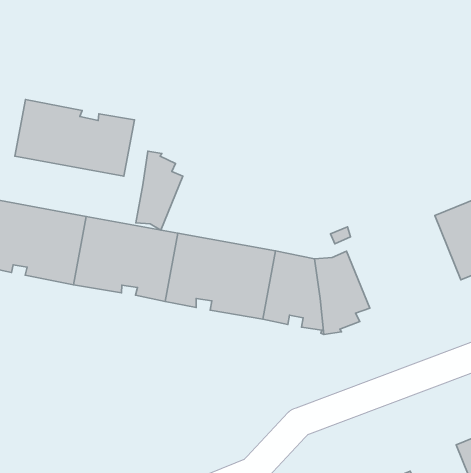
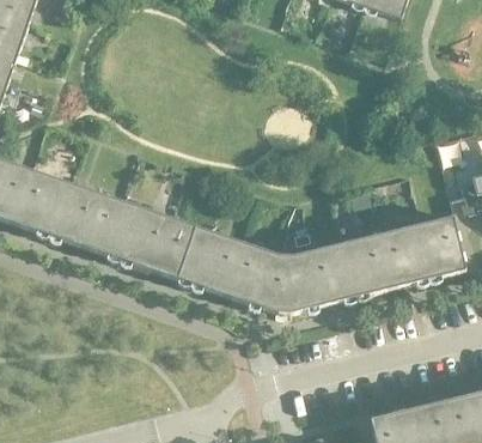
building: [15,99,134,176] -> none
building: [136,151,183,230] -> none
building: none -> [304,233,391,305]

